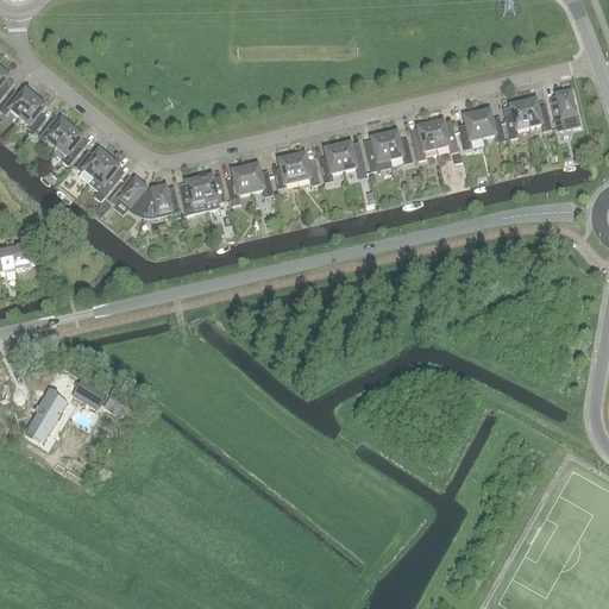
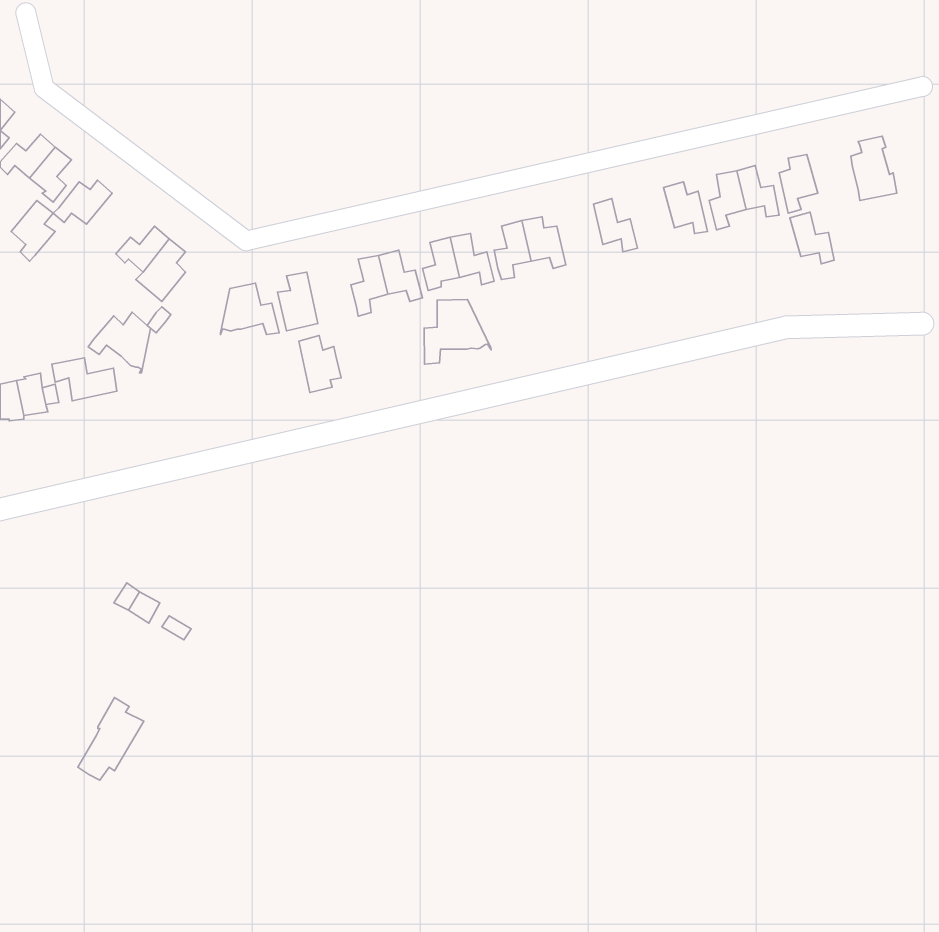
building: [522,96,551,130] -> [790,212,834,264]
building: [412,121,437,159] -> none
building: [56,125,84,164] -> [11,200,55,261]
building: [365,132,391,170] -> none
building: [199,172,226,209] -> [299,336,341,393]
building: [108,176,149,215] -> [88,312,151,373]
building: none -> [424,299,491,364]
building: none -> [52,358,117,401]
building: [25,385,68,439] -> [78,697,144,780]

